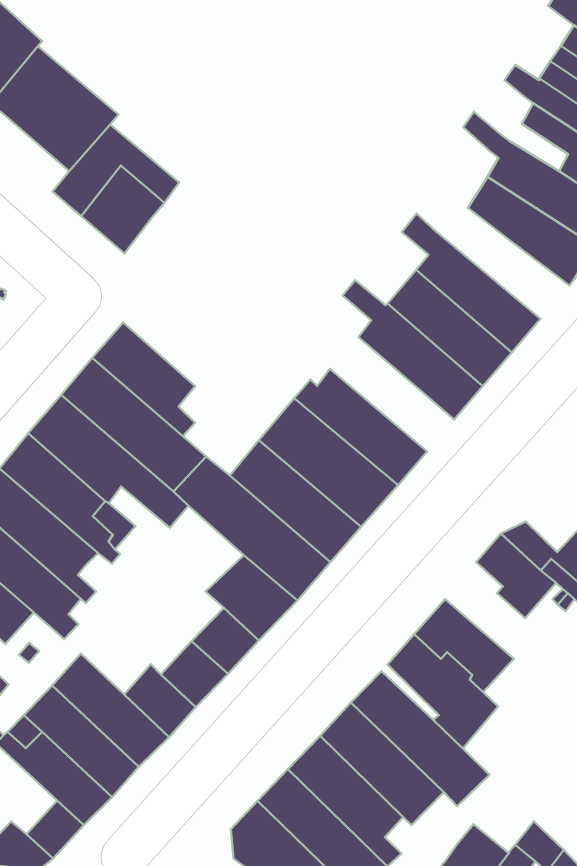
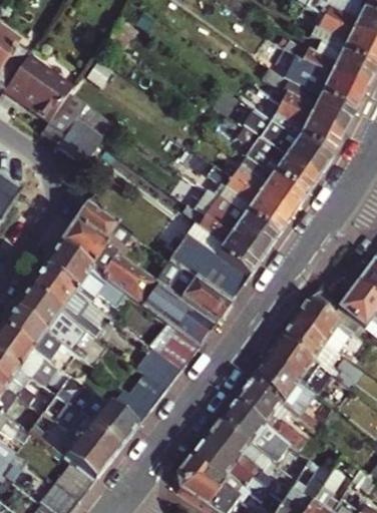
building: none -> [255,120,331,177]
building: none -> [195,190,275,256]
building: none -> [280,315,340,371]

